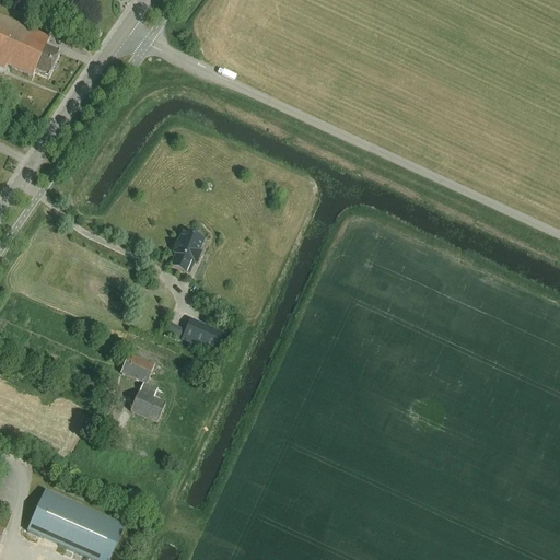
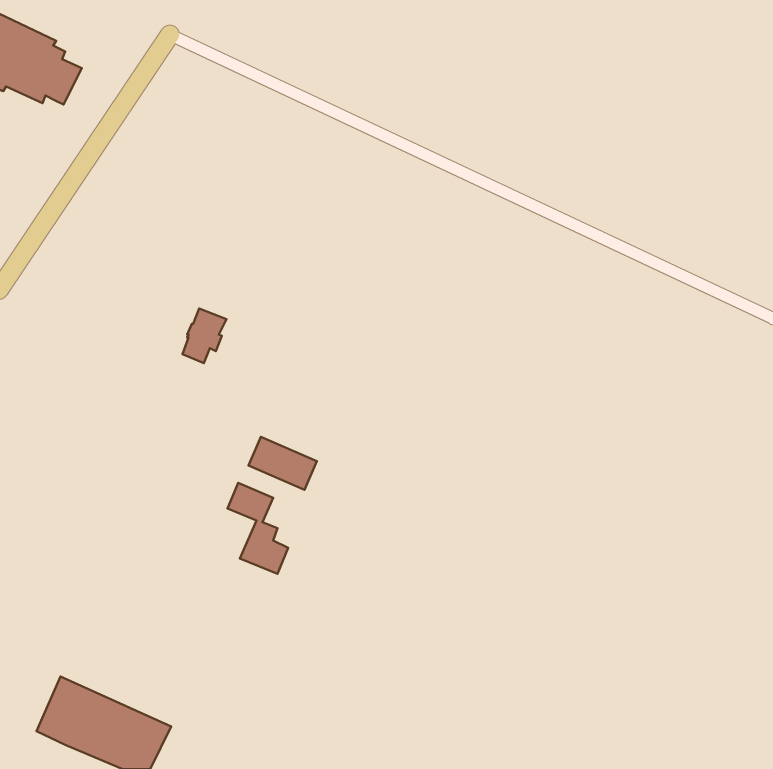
building: [171,229,202,268] -> [183,309,227,363]
building: [122,353,166,419] -> [228,483,288,574]

